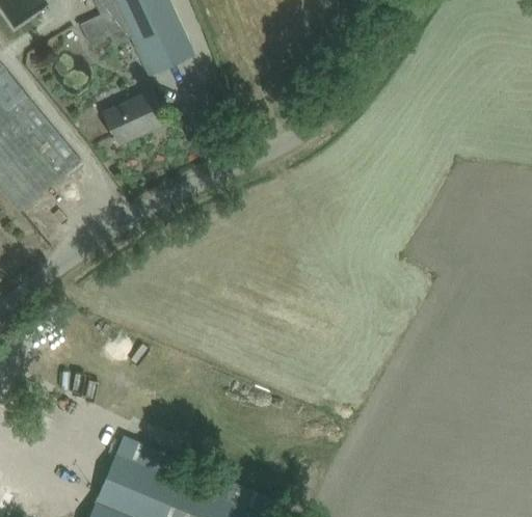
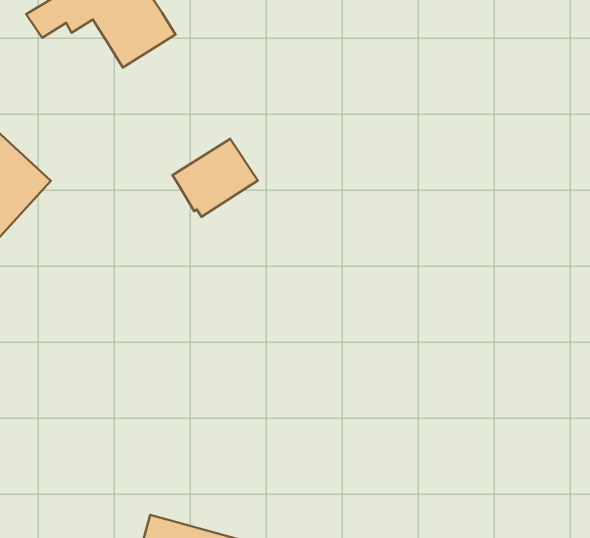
building: [99,88,166,147] -> [173,139,258,217]

